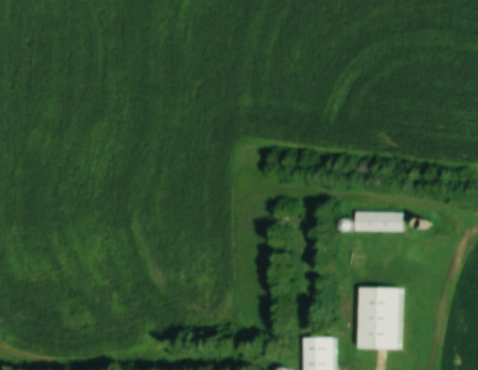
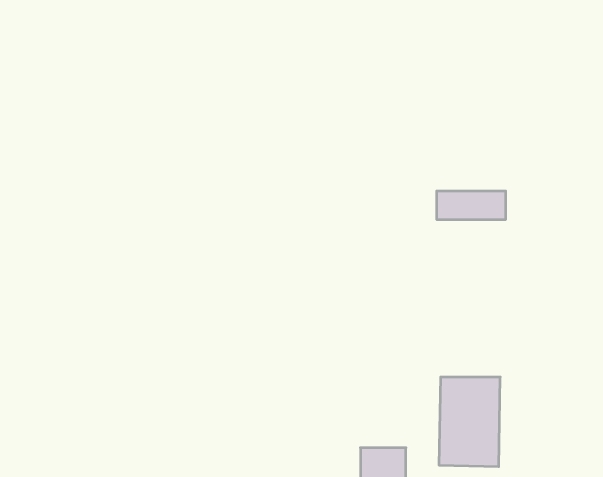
building: [354,212,403,232] -> [437,191,506,219]

